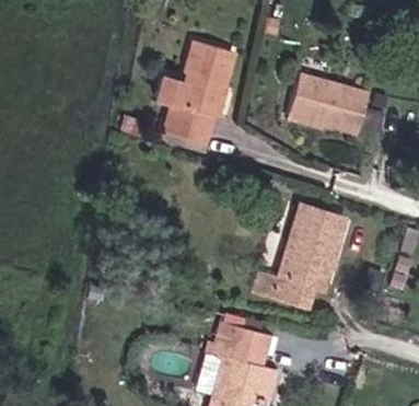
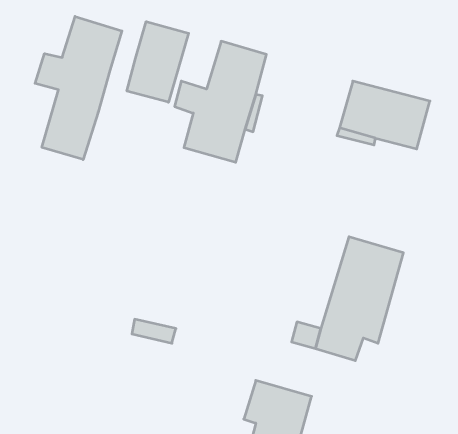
building: none -> [35,16,122,160]
building: none -> [127,22,189,102]

